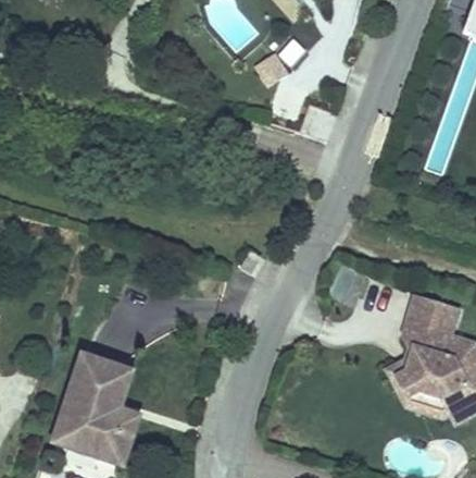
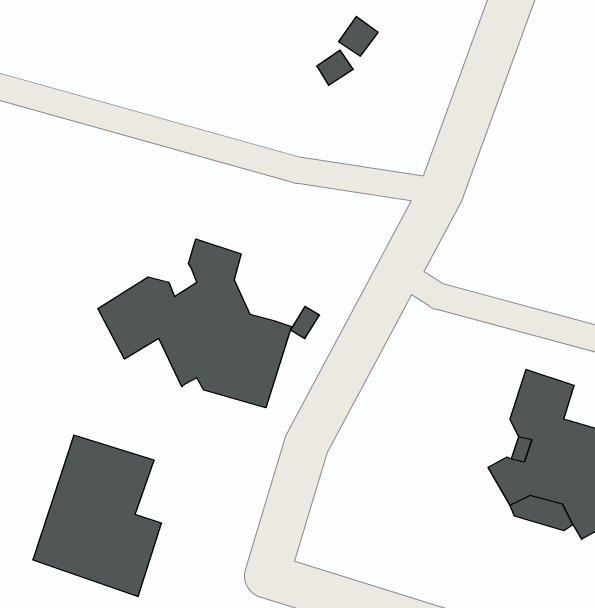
building: none -> [98,239,291,408]

